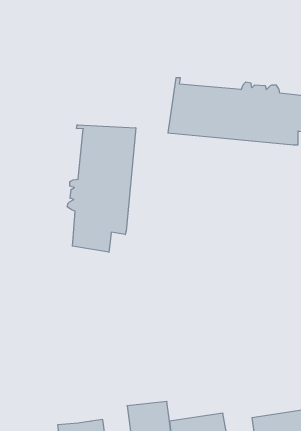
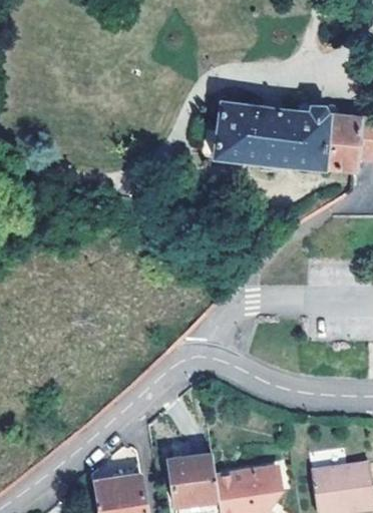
building: [67,125,136,252] -> none

